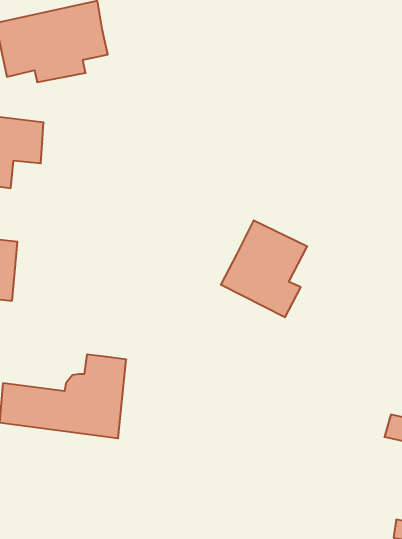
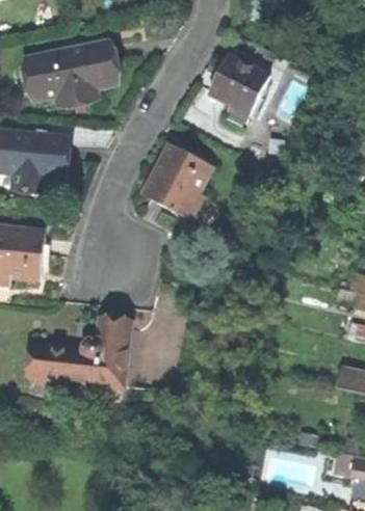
building: none -> [210,54,270,120]
building: [221,220,307,317] -> [144,144,212,221]

